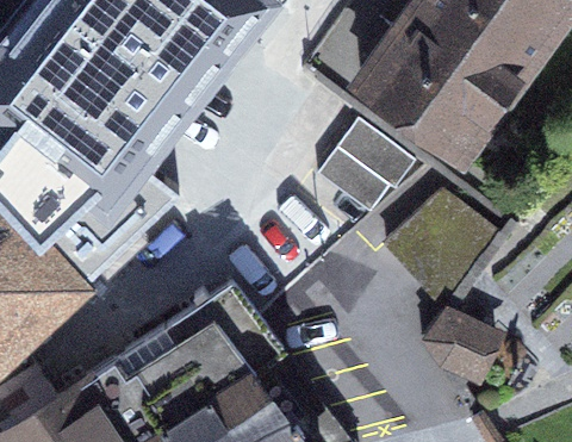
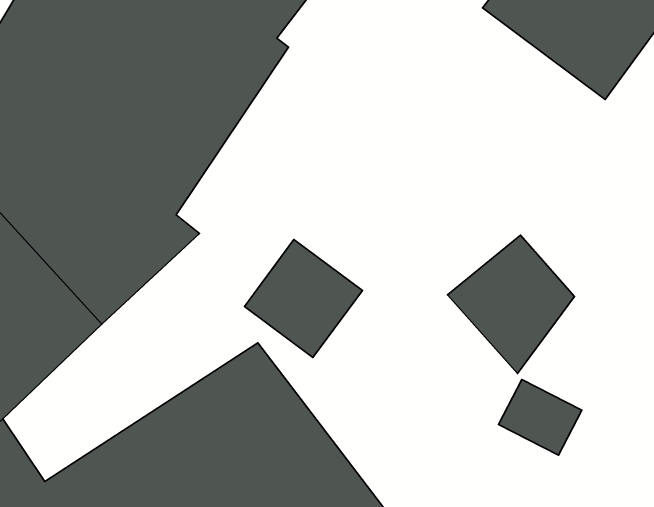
building: [359,10,514,157] -> none
building: [316,122,412,218] -> [244,239,363,357]

